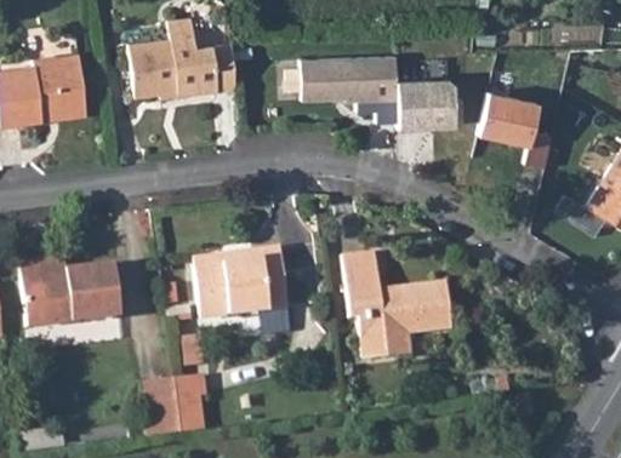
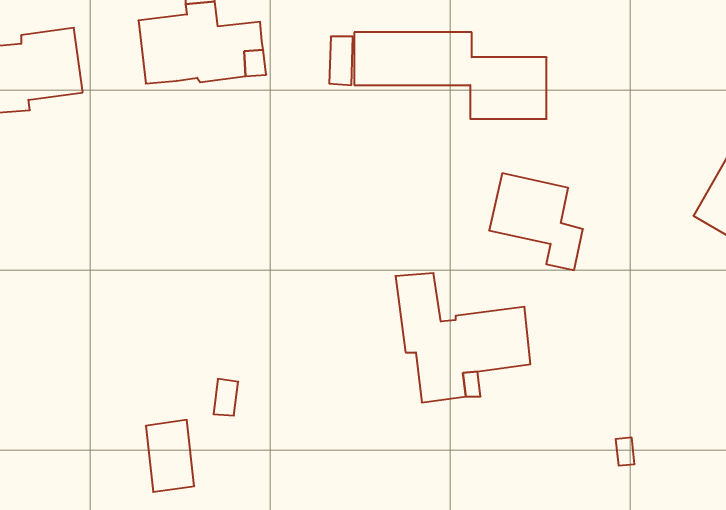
building: [483,88,560,168] -> [489,173,583,270]
building: [192,251,284,319] -> none
building: [22,263,120,326] -> none
building: [170,373,200,430] -> none

